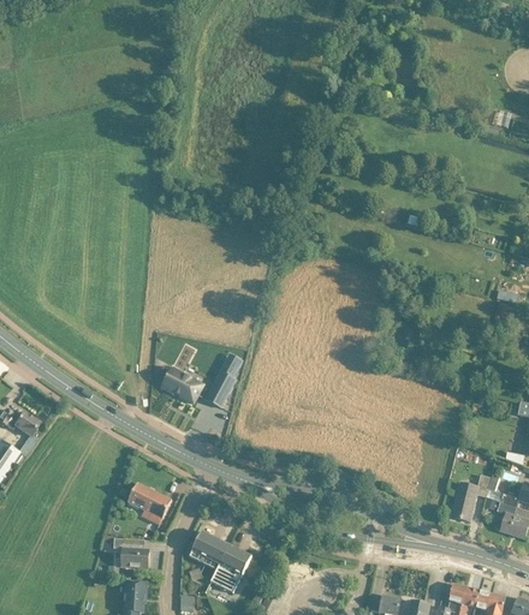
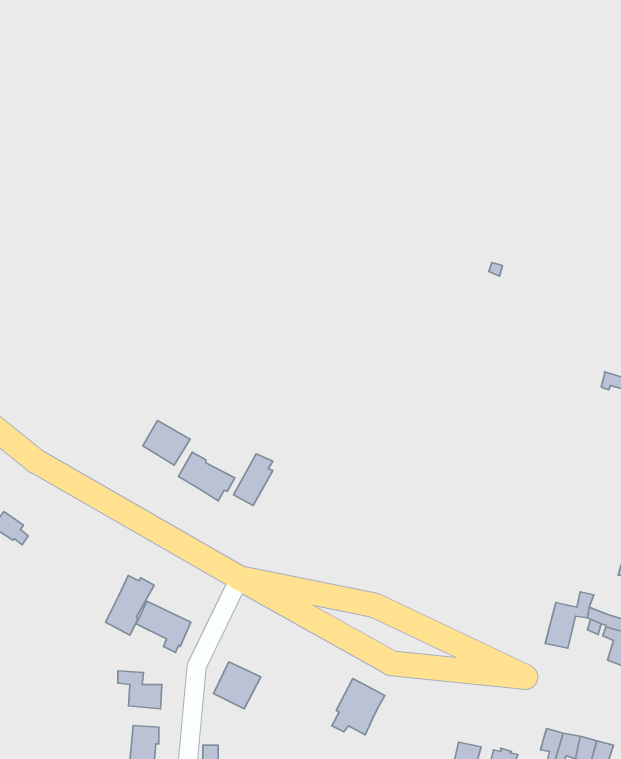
building: none -> [143,421,190,465]
building: none -> [106,575,154,635]
building: [209,543,251,587] -> [332,679,385,735]

